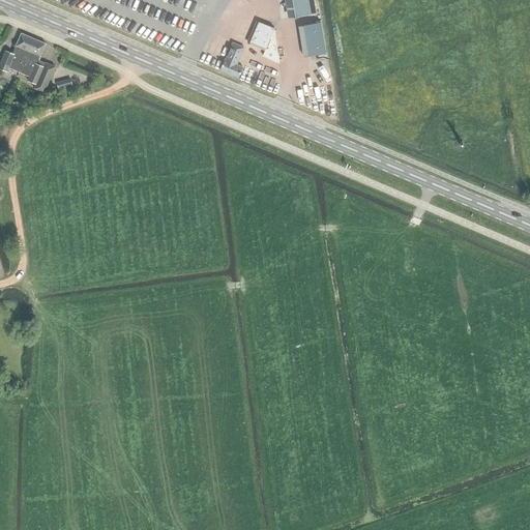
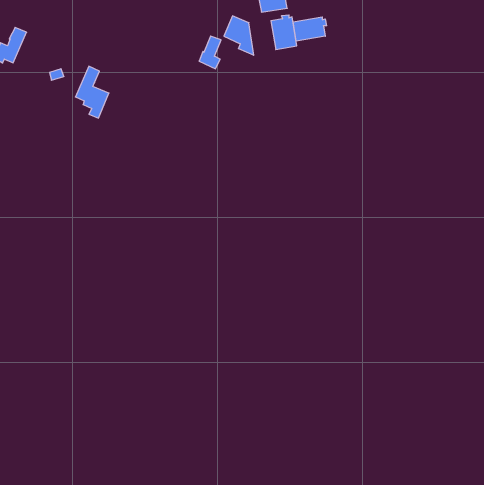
building: none -> [293,17,327,41]
building: [19,37,55,93] -> [75,66,109,118]

